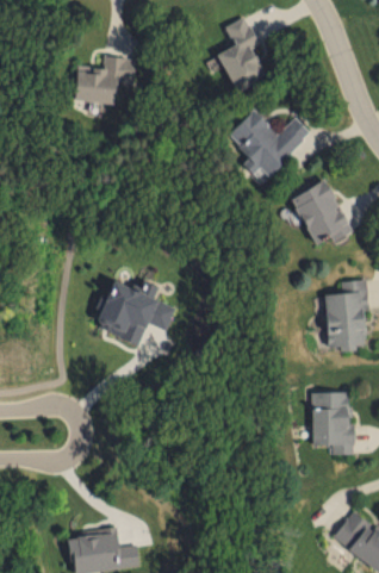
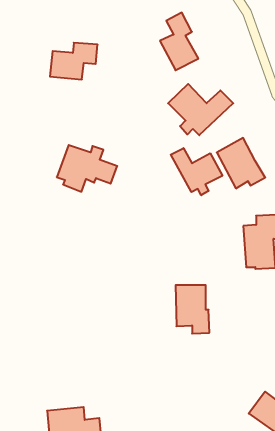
building: none -> [171,148,222,195]
building: [95,280,174,341] -> [57,145,117,192]
building: [311,392,355,455] -> [176,285,209,334]

